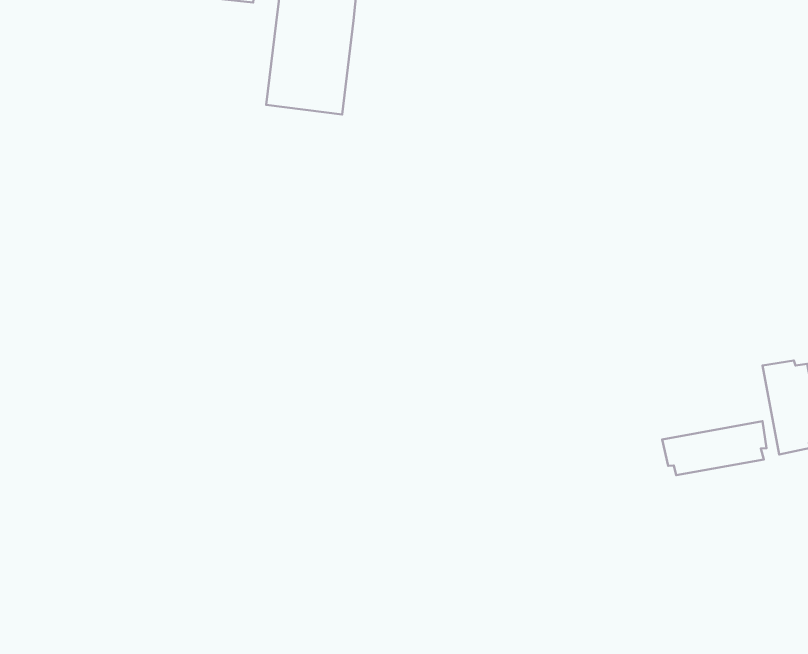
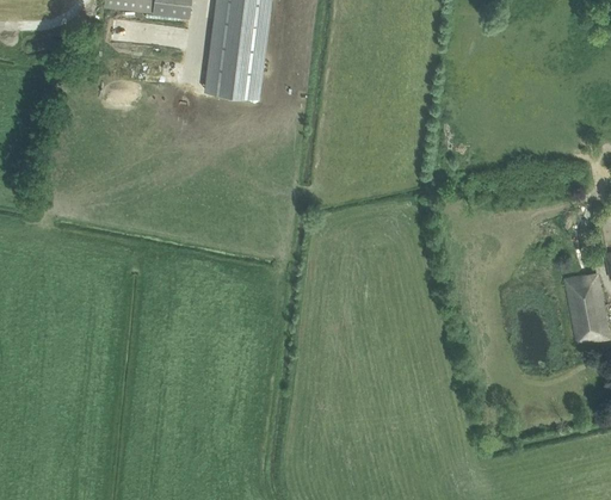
building: [662,421,767,475] -> none

